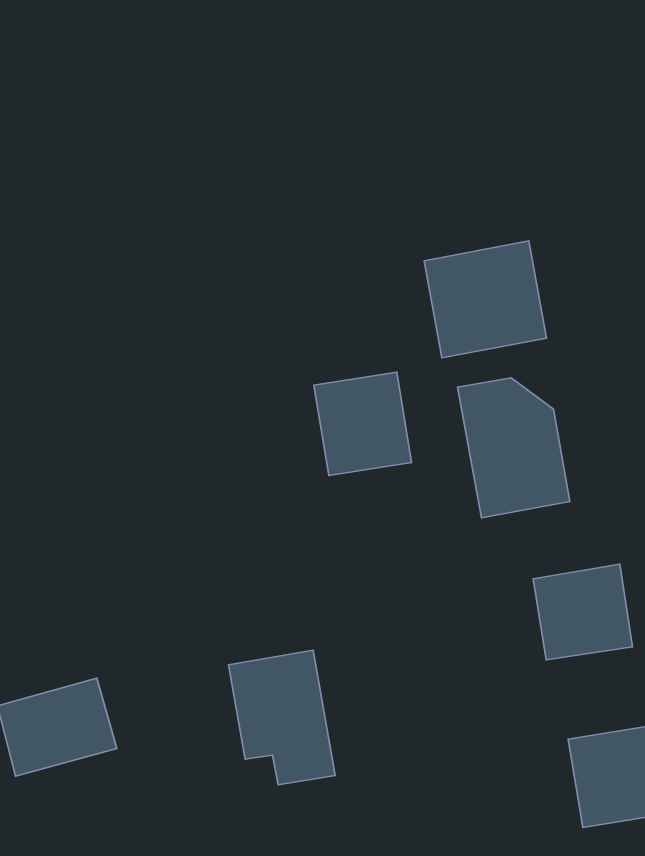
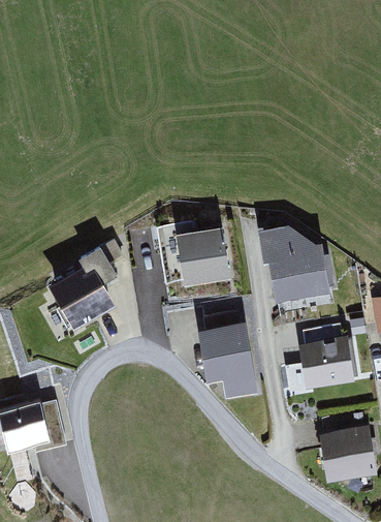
building: [424,241,547,358] -> none
building: none -> [51,246,118,330]
building: [228,650,335,785] -> [198,321,258,397]

